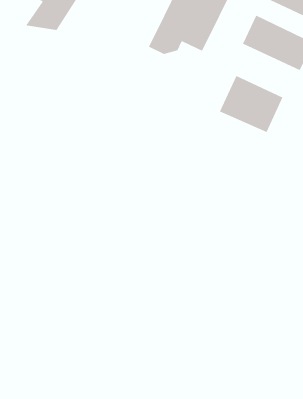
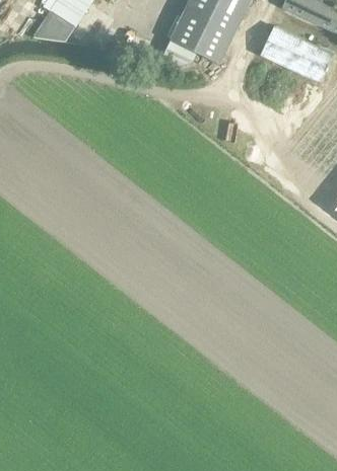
building: [219,75,283,133] -> none

